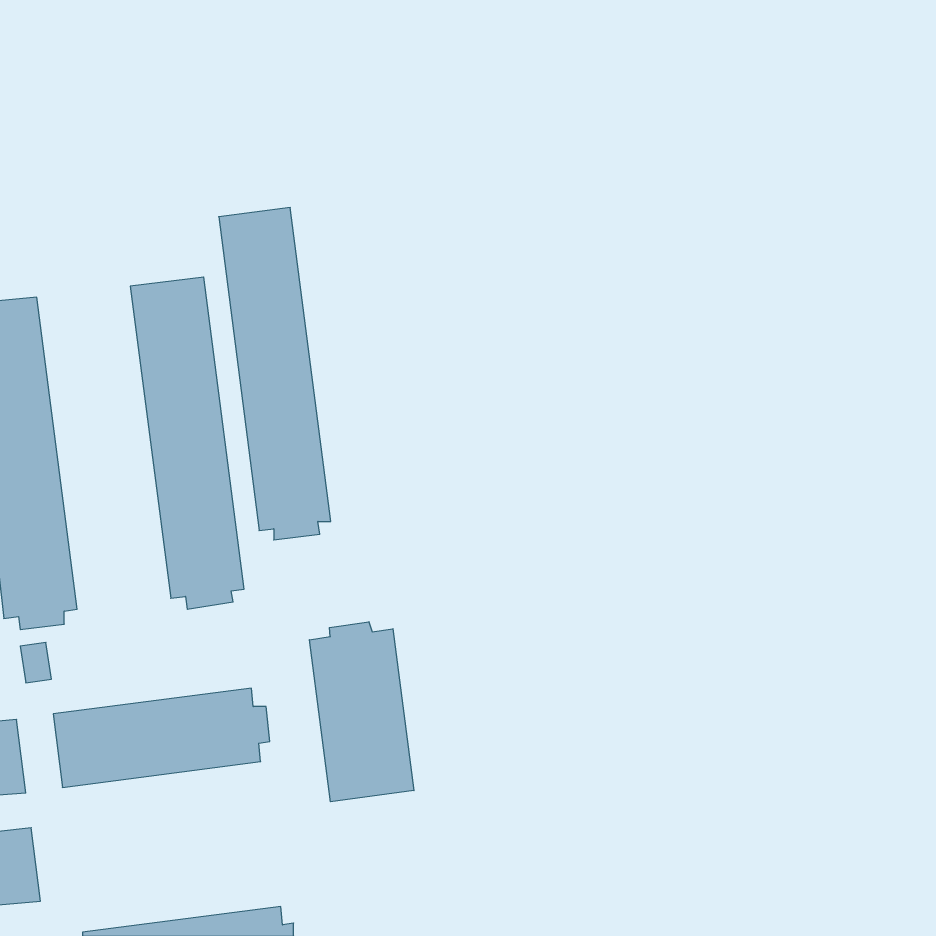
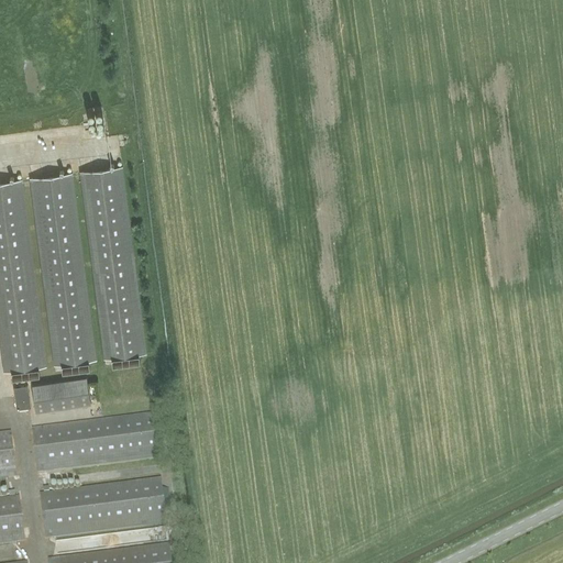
building: [219,208,331,540] -> [29,172,96,371]
building: [309,622,414,802] -> none
building: none -> [32,376,90,411]
building: none -> [41,477,170,538]

